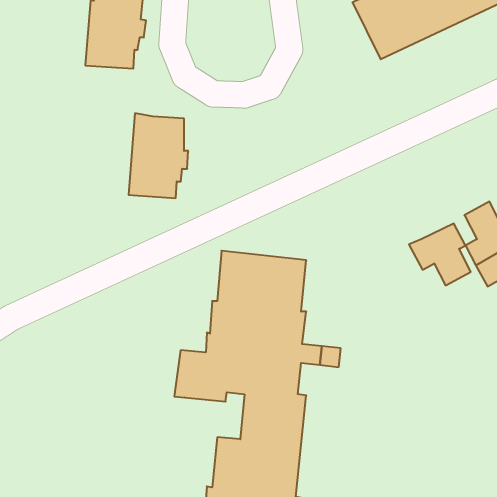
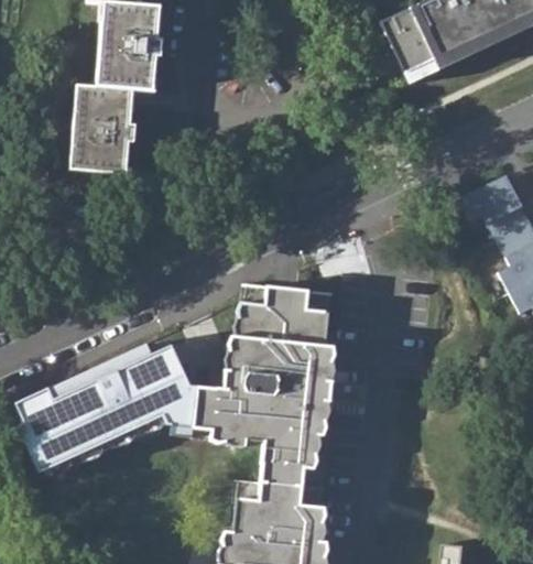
building: [129,113,188,198] -> [73,84,135,173]
building: [409,224,471,285] -> [458,180,523,245]
building: none -> [17,343,198,480]

